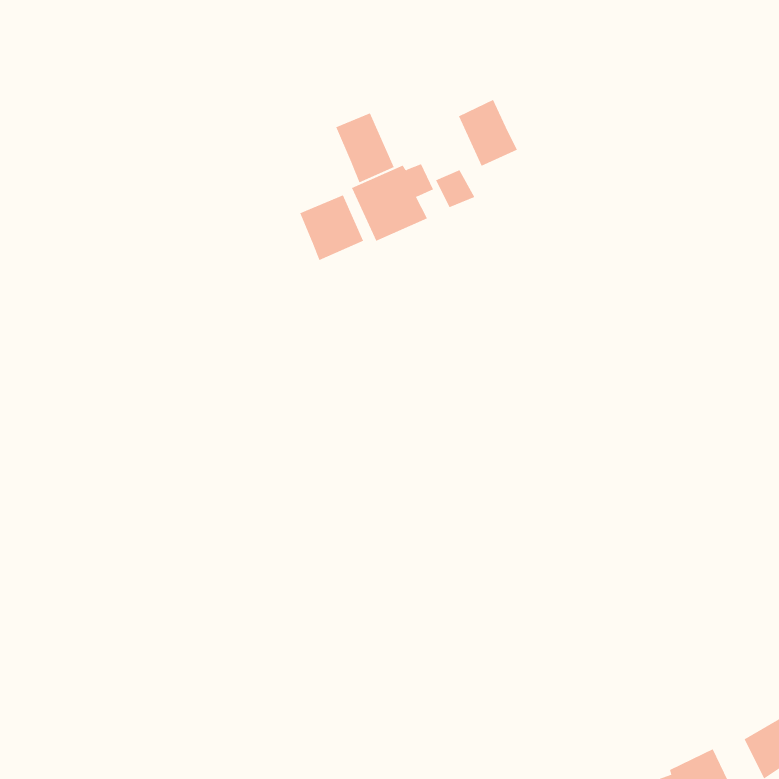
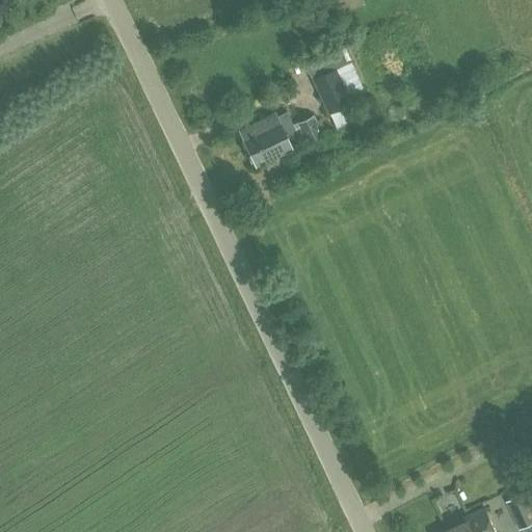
building: [336,112,395,183] -> none
building: [300,194,364,261] -> none

